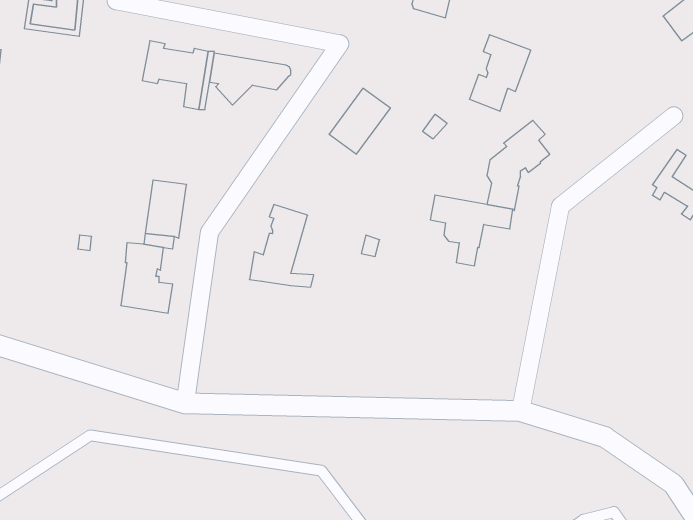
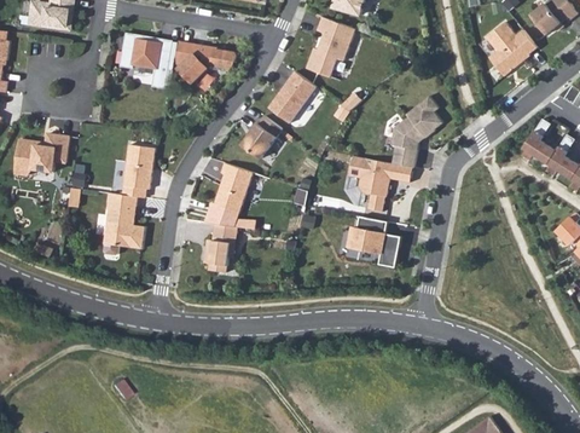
building: none -> [485,22,536,76]
building: [469,35,531,111] -> [306,17,354,77]
building: none -> [240,116,282,158]
building: none -> [13,133,68,175]
building: none -> [348,217,400,267]
building: none -> [203,224,237,272]

